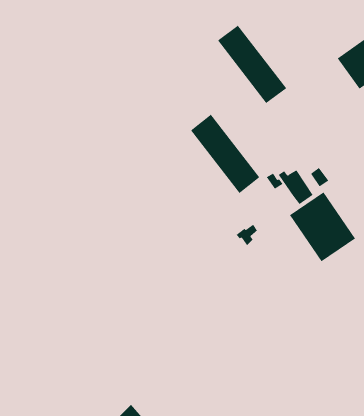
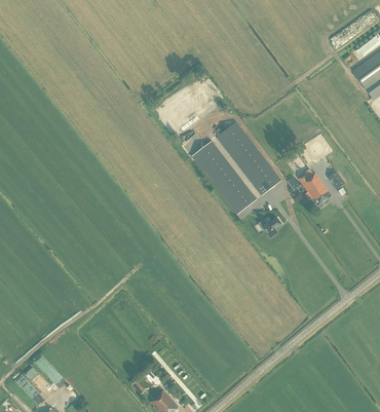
building: [217,25,287,104] -> [191,141,256,214]
building: [289,191,356,262] -> none

